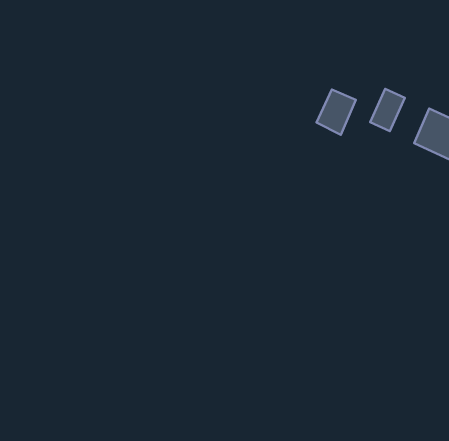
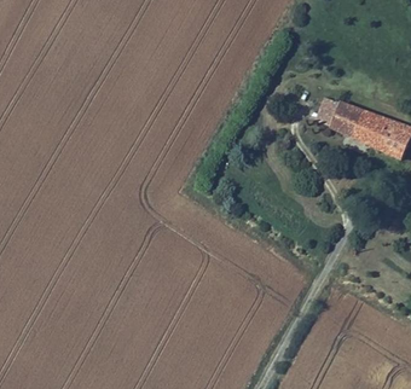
building: [317,89,356,135] -> [332,100,364,137]

